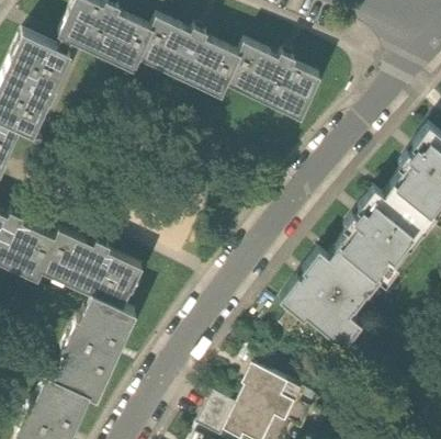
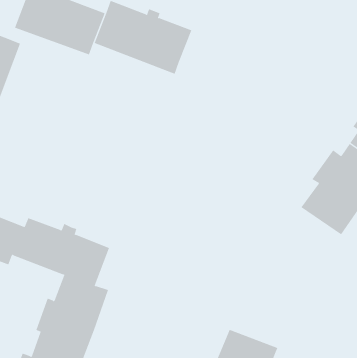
building: [230,47,329,125] -> none
building: [282,246,382,339] -> none

